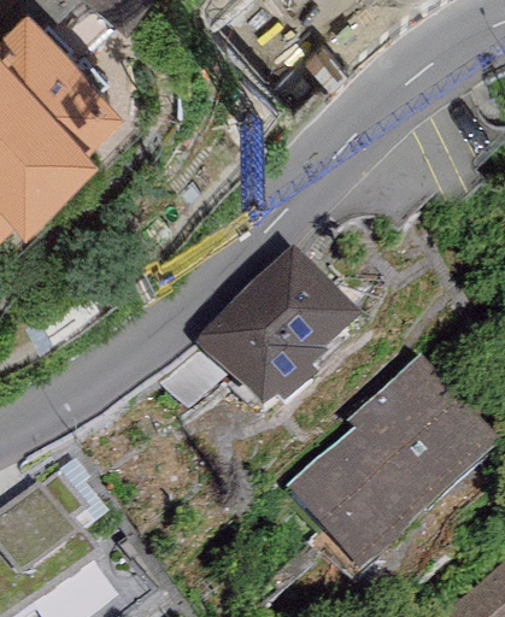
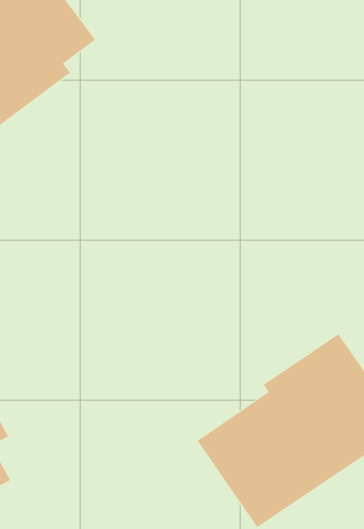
building: [195,247,359,411] -> none

